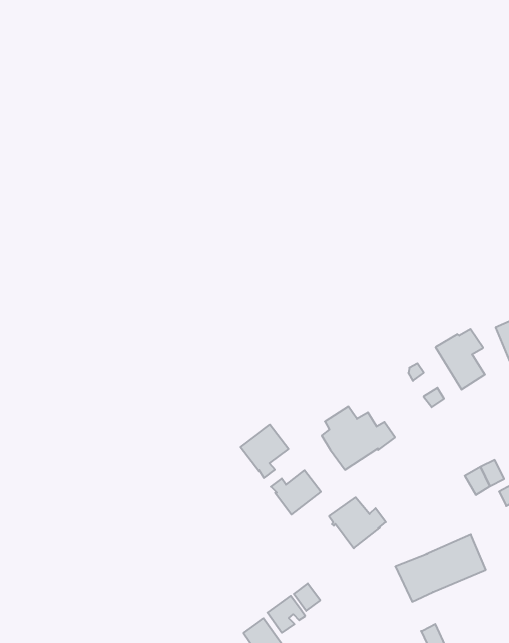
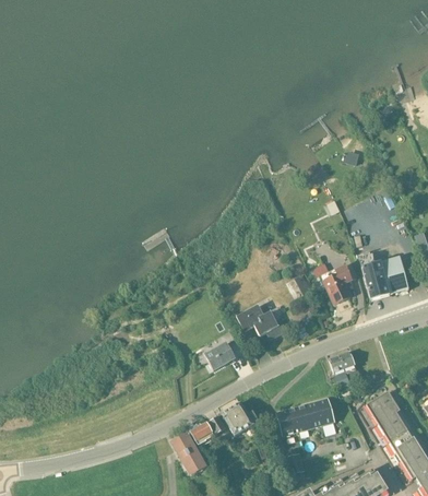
building: [240,425,289,478] -> none
building: [329,497,386,548] -> [222,402,258,435]

